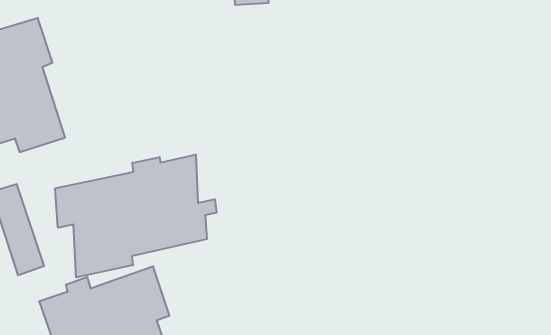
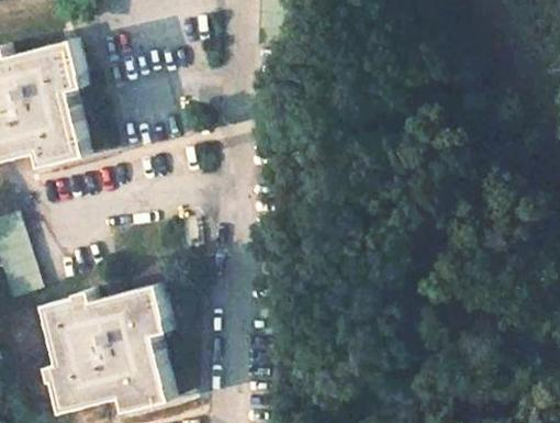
building: [55,155,216,277] -> none

